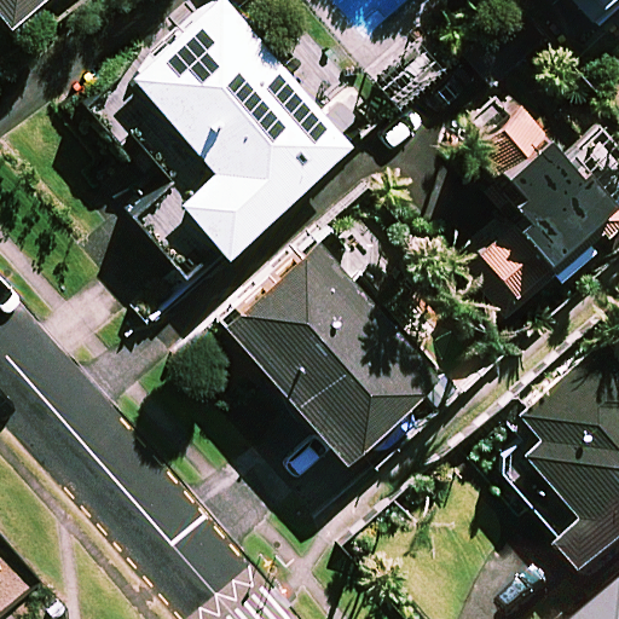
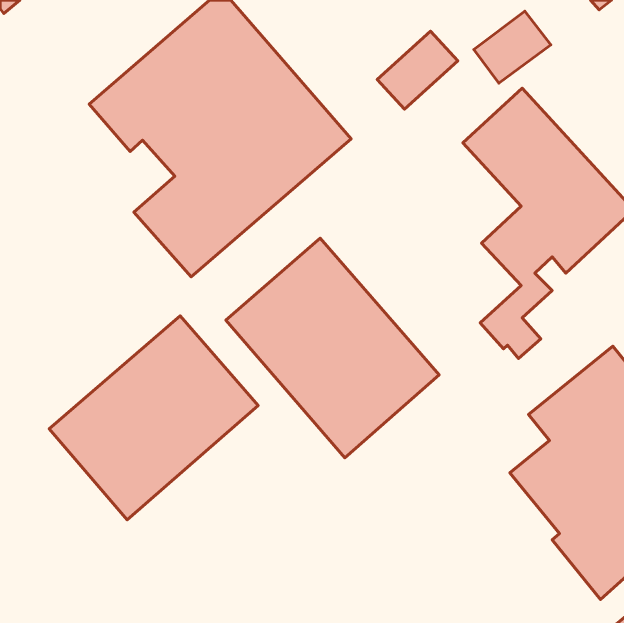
building: none -> [49,316,258,520]

